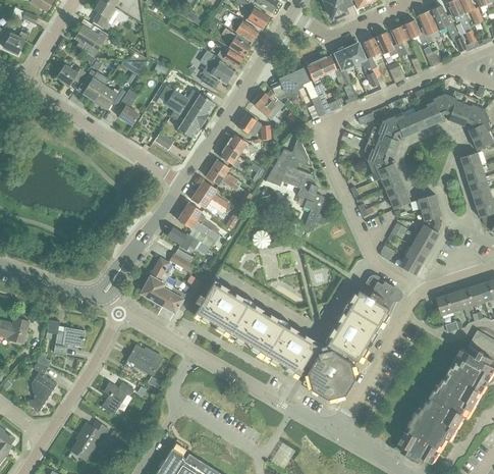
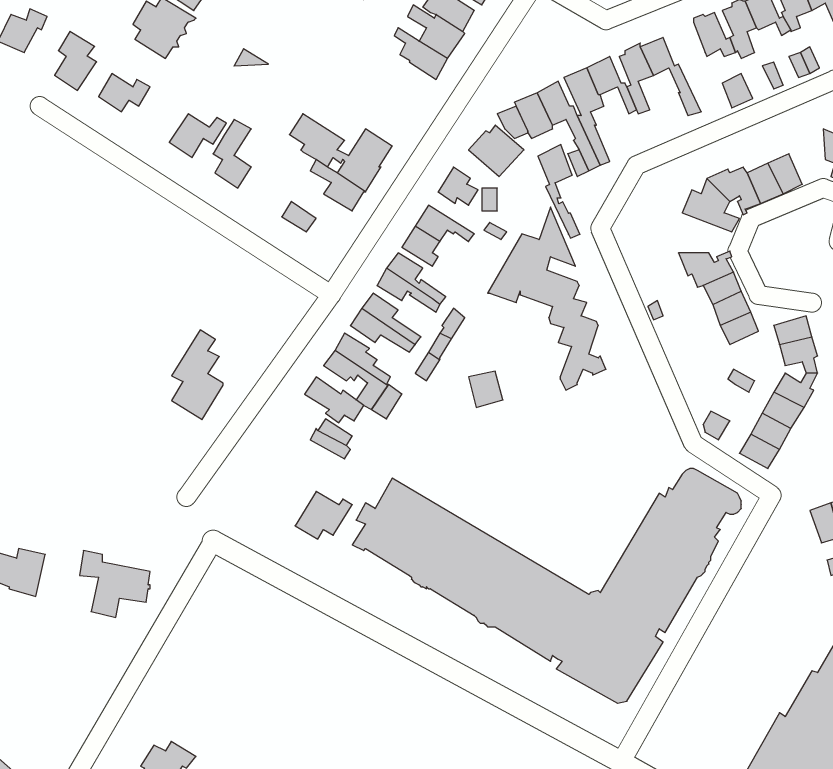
building: [362,37,384,87] -> [538,145,580,238]
building: [200,51,232,89] -> none
building: [81,69,104,101] -> [55,31,97,90]
building: [424,94,444,123] -> none
building: [363,139,394,160] -> none
building: [145,258,172,306] -> [172,330,223,420]
building: [128,346,161,375] -> none
building: [29,362,56,412] -> none
building: [101,382,132,415] -> none

